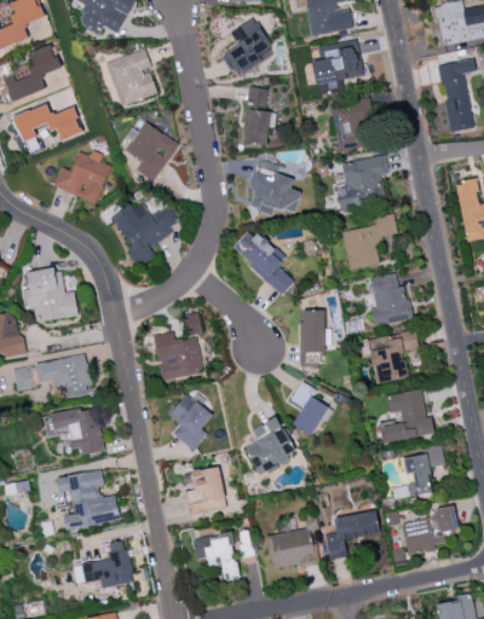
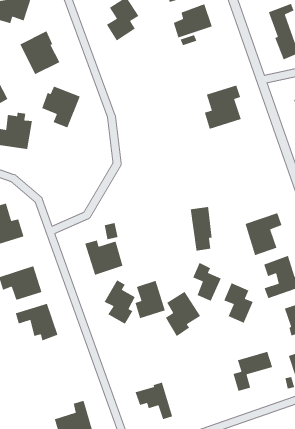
building: [244,87,275,144] -> none
building: [333,98,373,150] -> none
building: [247,160,300,213] -> none
building: [111,203,182,266] -> none
building: [342,214,398,270] -> none
building: [232,228,294,294] -> none
building: [368,272,411,325] -> none
building: none -> [223,282,254,324]
building: [186,465,226,514] -> [134,280,166,319]
building: [56,470,119,528] -> none
building: [266,528,317,569] -> none

